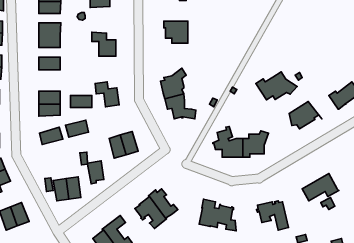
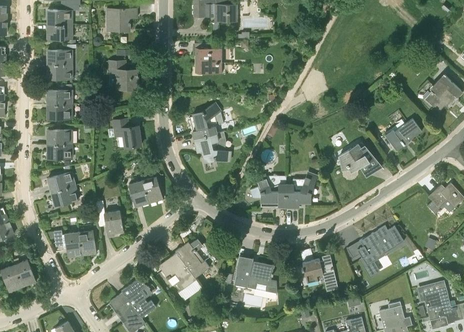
building: [256,72,297,100] -> none
building: [70,95,92,107] -> [47,105,72,119]
building: [65,120,89,137] -> [51,186,78,206]

